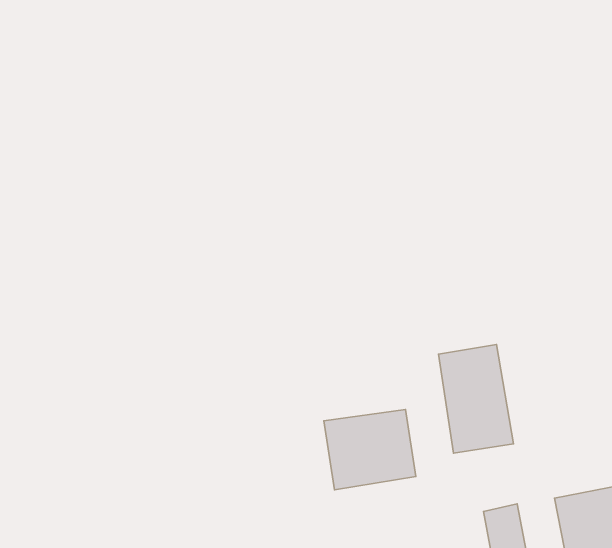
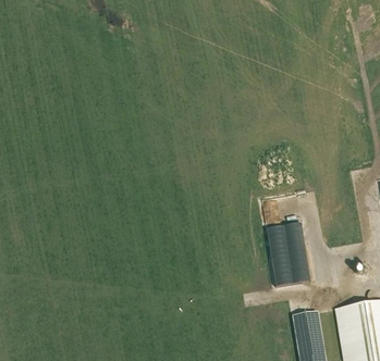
building: [324,410,416,490] -> none

